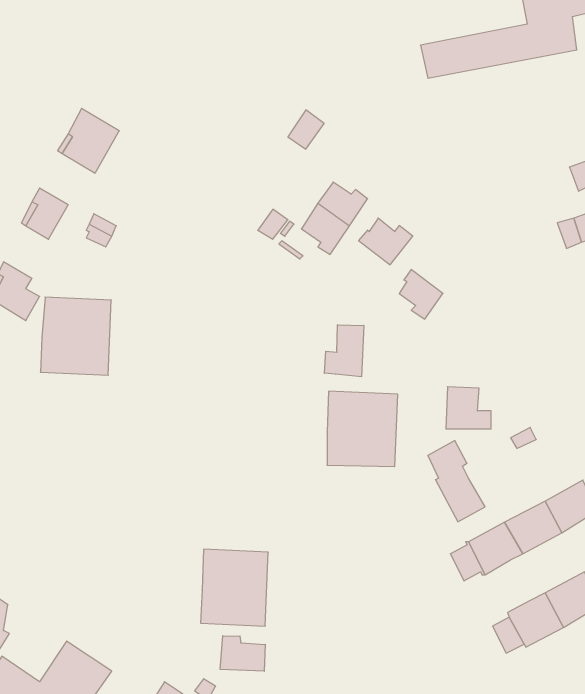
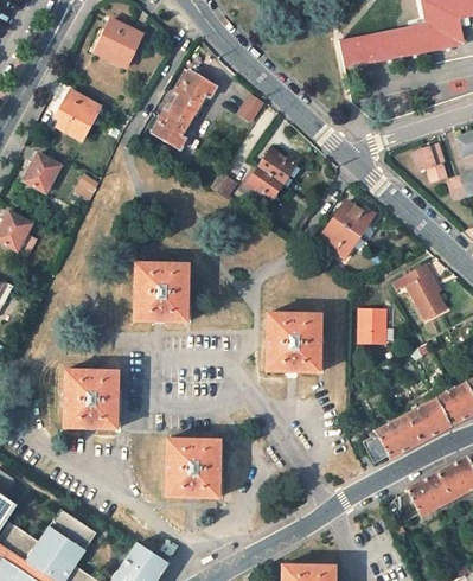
building: none -> [95,20,142,68]
building: none -> [153,70,217,148]
building: none -> [413,143,447,180]
building: [359,218,413,265] -> [332,199,375,236]
building: [40,297,111,375] -> [133,262,188,324]
building: [324,325,364,377] -> none
building: [428,441,485,522] -> [404,262,449,326]
building: none -> [63,369,120,429]
building: [220,636,265,671] -> none

